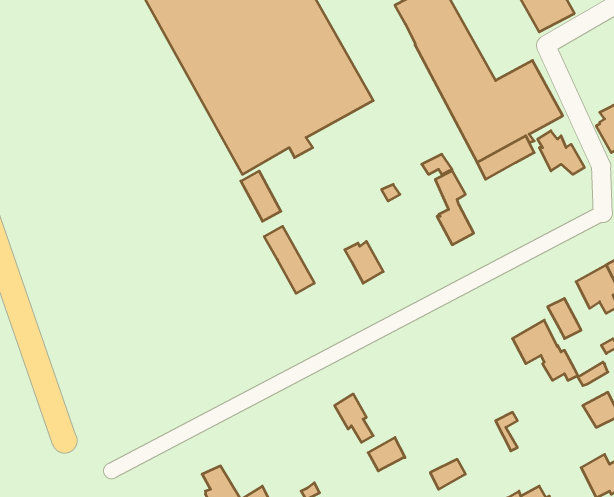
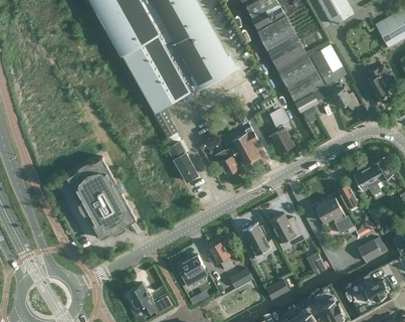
building: none -> [231,128,258,164]
building: none -> [66,157,136,238]
building: none -> [269,213,303,246]
building: none -> [242,222,275,256]
building: none -> [179,256,207,287]

